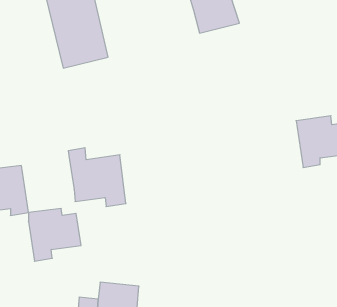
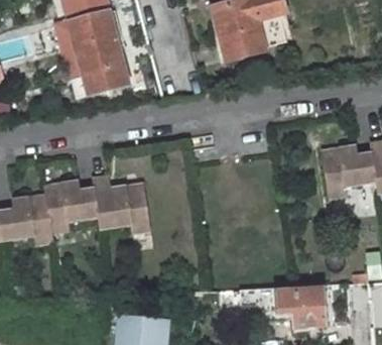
building: [28,209,81,261] -> [43,181,97,234]
building: none -> [246,284,324,323]

